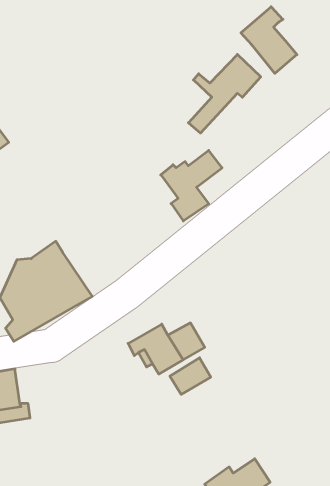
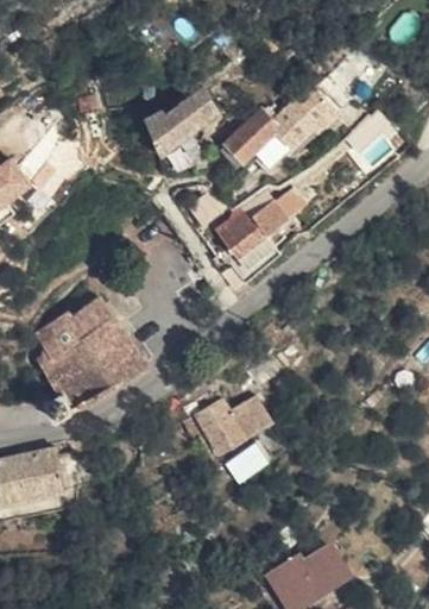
building: [241,7,297,73] -> none
building: none -> [141,84,216,151]
building: none -> [216,109,279,168]

